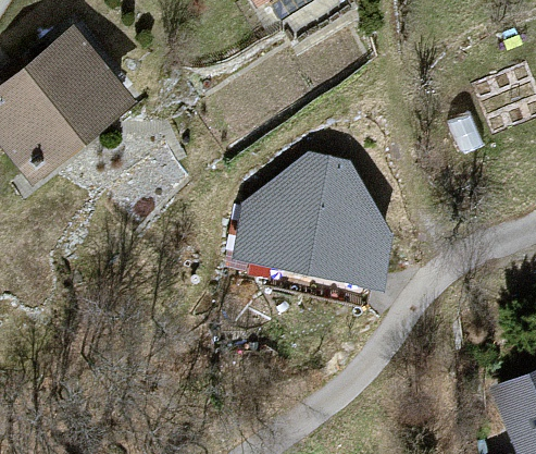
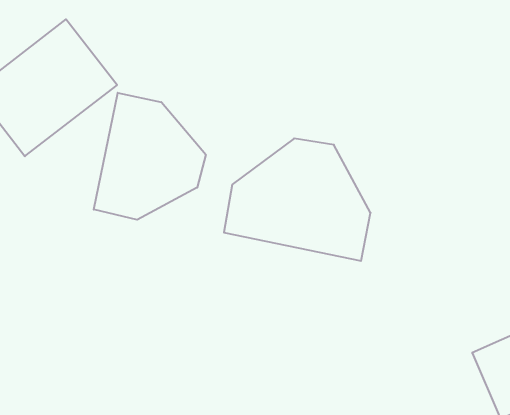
building: none -> [94,93,206,220]

